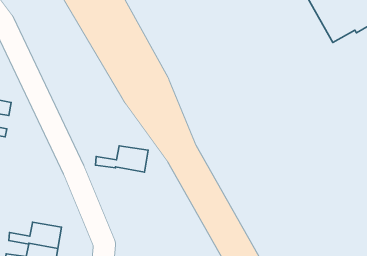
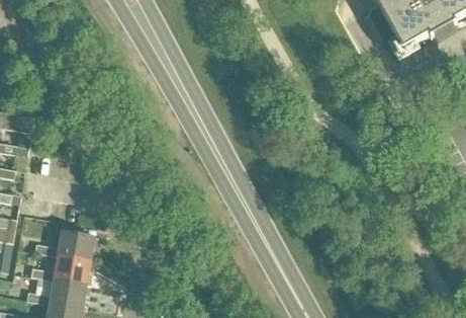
building: [95,146,148,172] -> [34,232,95,262]

